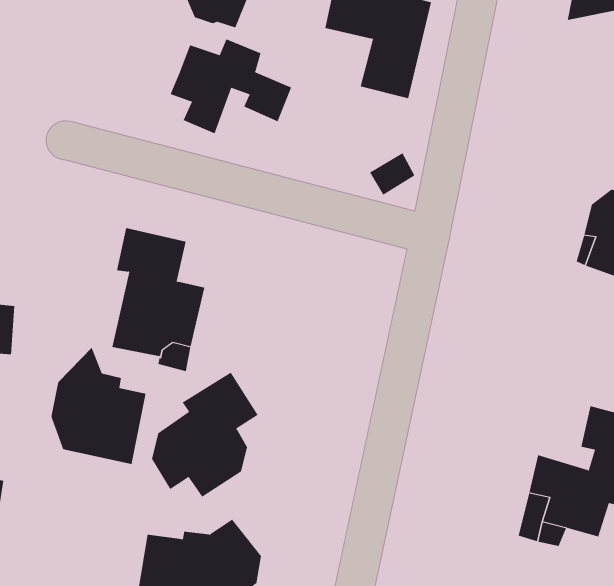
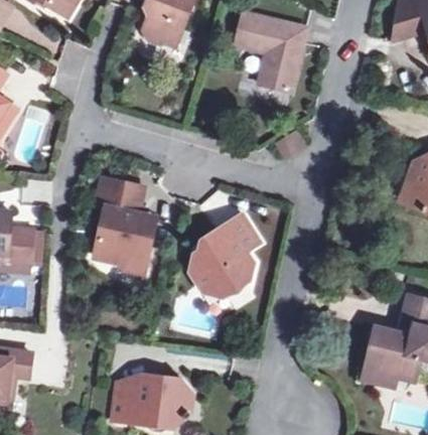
building: [170,39,292,134] -> none
building: [51,347,146,465] -> none
building: [151,372,259,498] -> [190,213,261,296]

